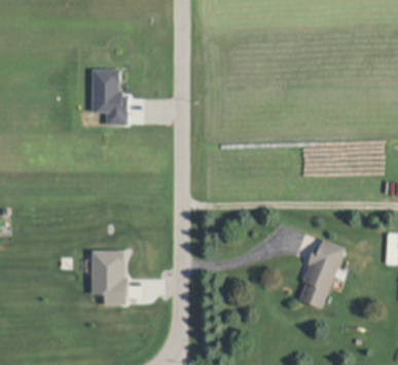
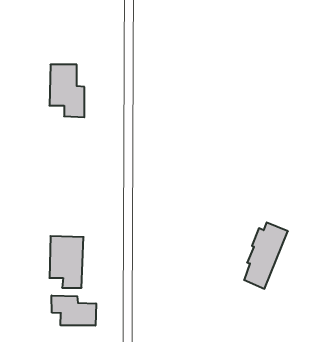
building: none -> [52,295,96,326]

